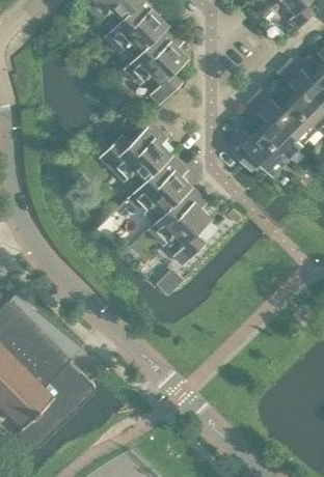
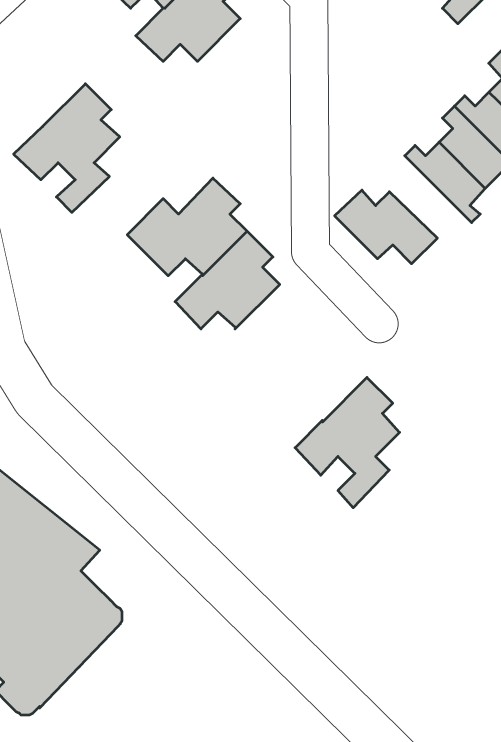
building: [122,26,186,104] -> [14,84,120,212]
building: [255,109,305,159] -> none
building: [145,187,209,265] -> [295,377,400,508]

